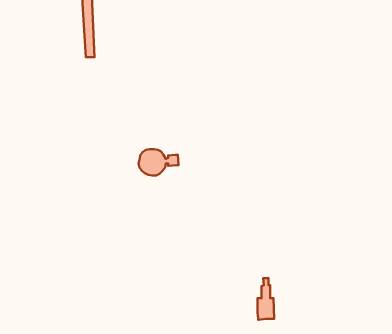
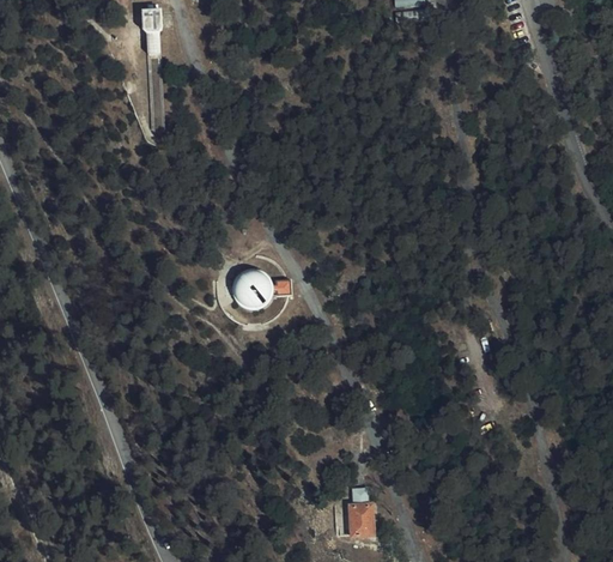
building: [257,278,274,320] -> [350,475,375,537]

